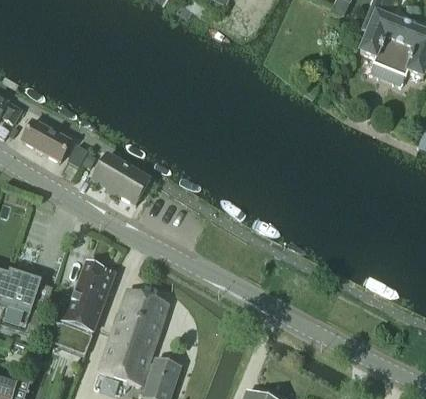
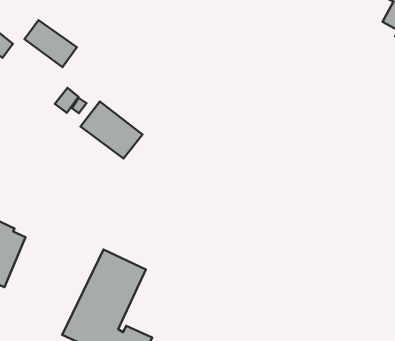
building: [22,120,71,161] -> [24,20,77,67]
building: [49,261,115,354] -> none

